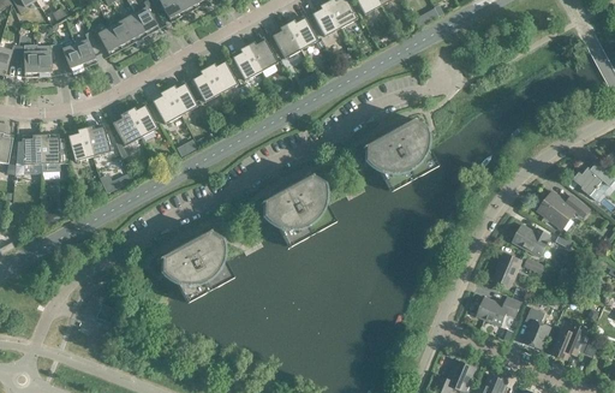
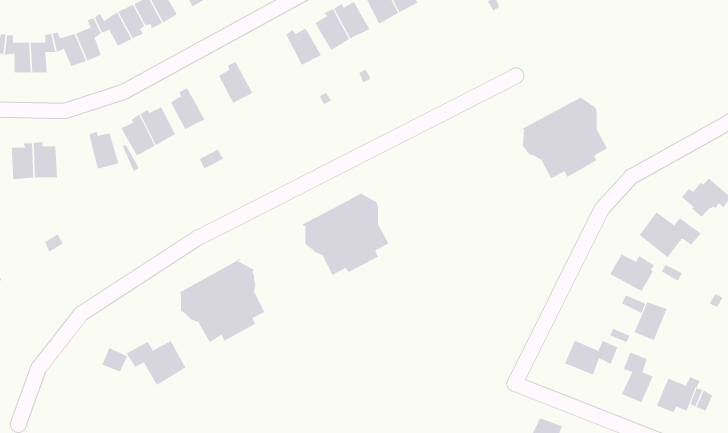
building: [232,44,261,79] -> none
building: [207,60,238,93] -> none
building: [167,82,197,114] -> none
building: [363,118,435,186] -> [520,96,608,179]
building: [67,126,92,160] -> none
building: [494,252,521,285] -> [634,302,667,341]
building: none -> [126,340,186,386]

